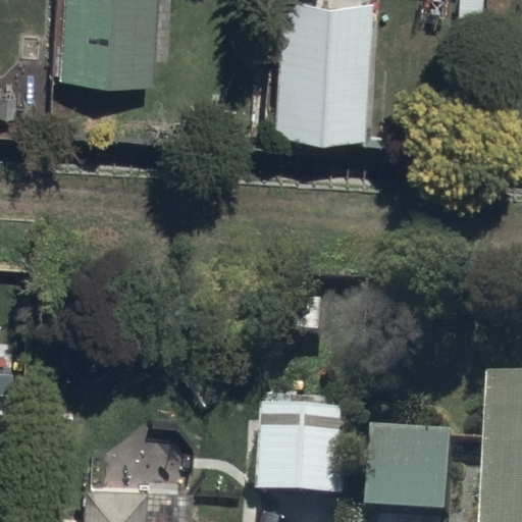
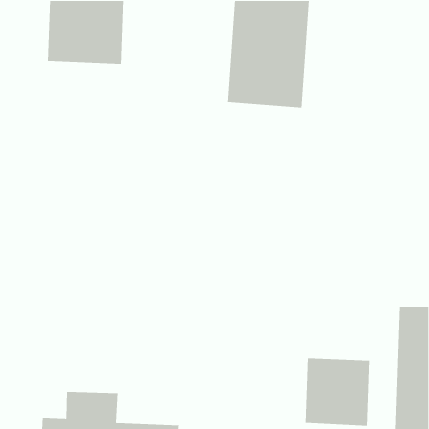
building: [262,407,350,500] -> none

